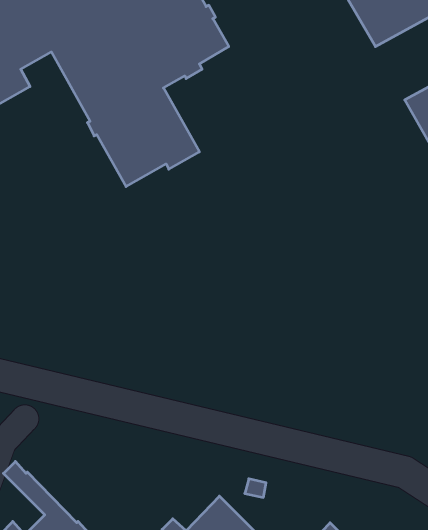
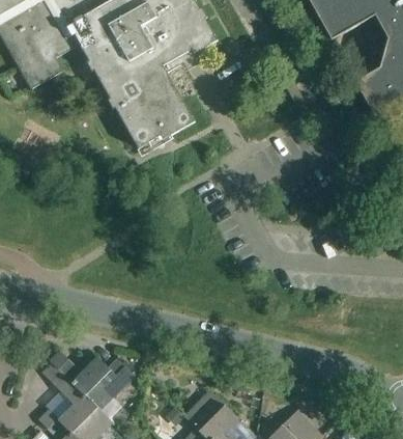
building: none -> [50,350,135,410]

